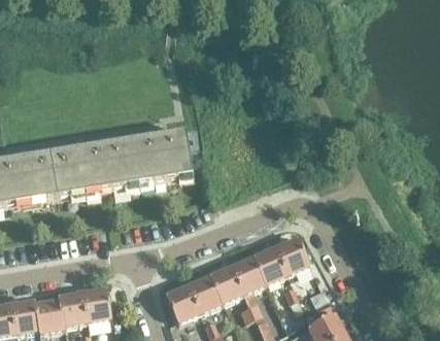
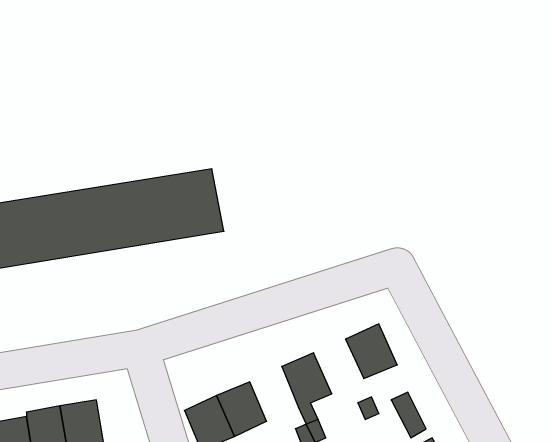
building: [253,245,287,282] -> none
building: [210,264,243,301] -> none

